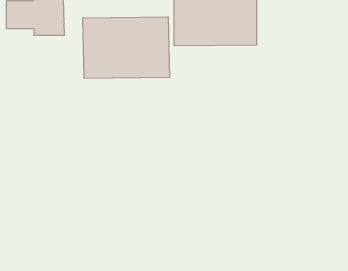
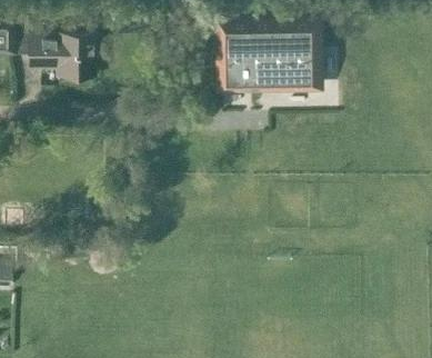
building: [83,17,169,78] -> none

